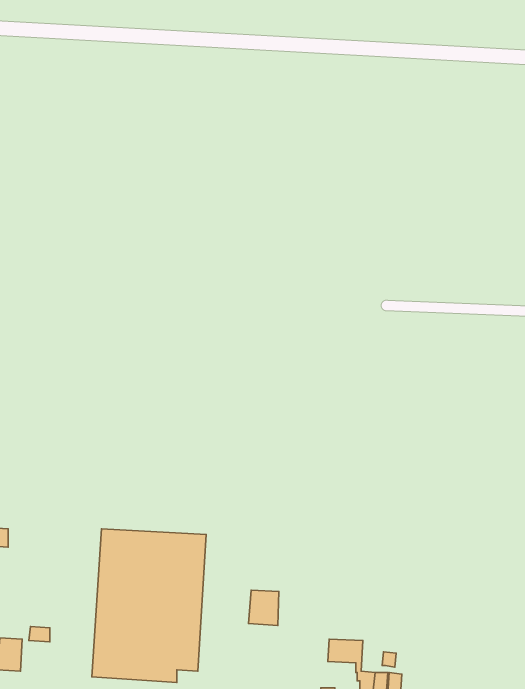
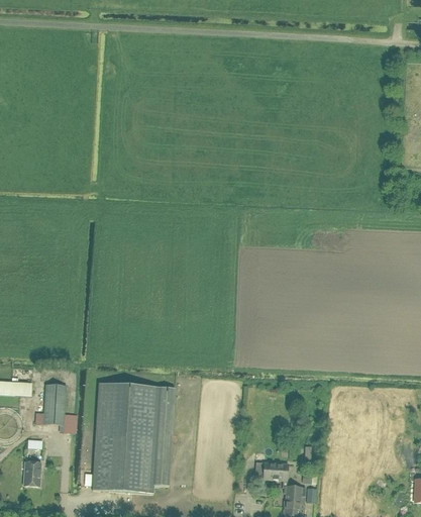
building: none -> [42,384,66,425]
building: [249,590,279,625] -> none

